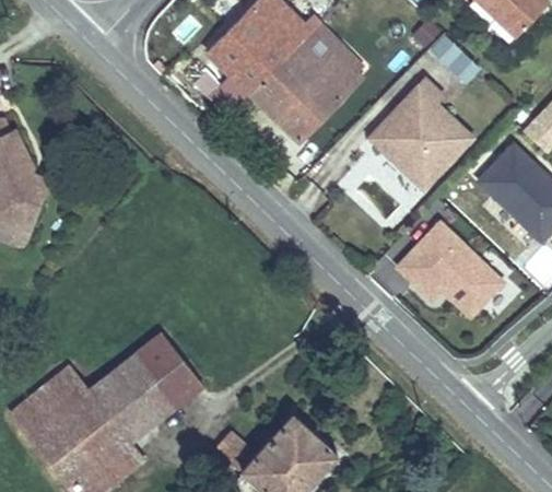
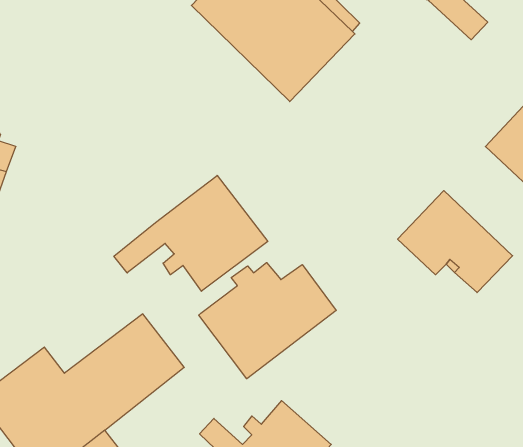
building: [353,75,473,204] -> none
building: none -> [114,175,268,291]
building: none -> [199,263,336,379]

